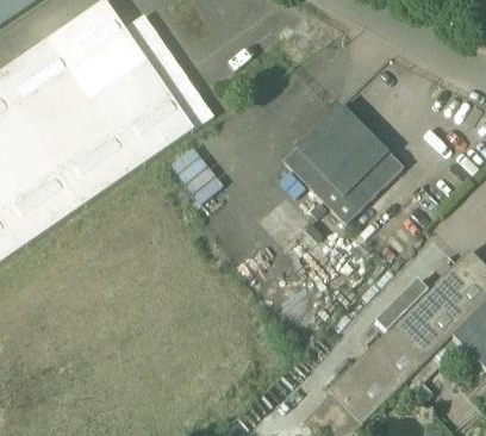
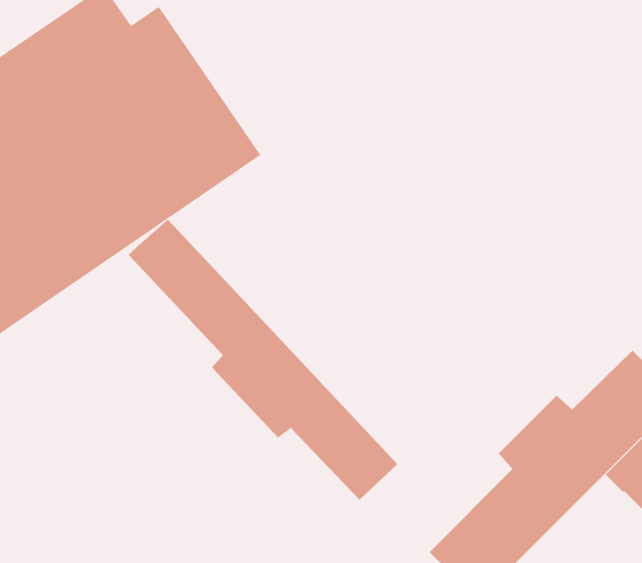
building: [276,108,403,224] -> none
building: none -> [128,219,398,500]

